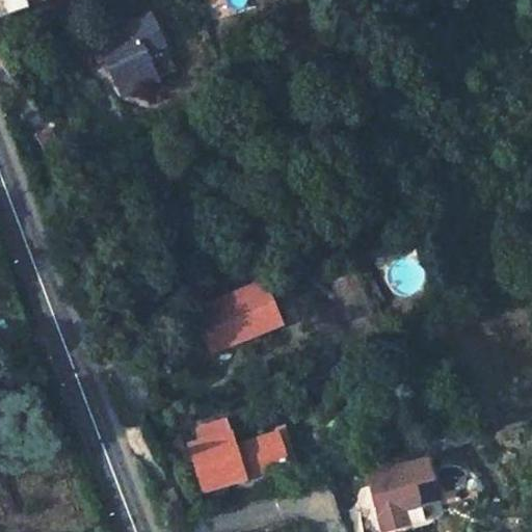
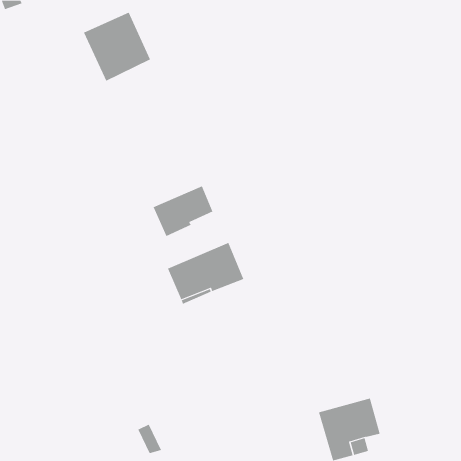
building: none -> [153,186,213,237]
building: [190,420,286,491] -> none

